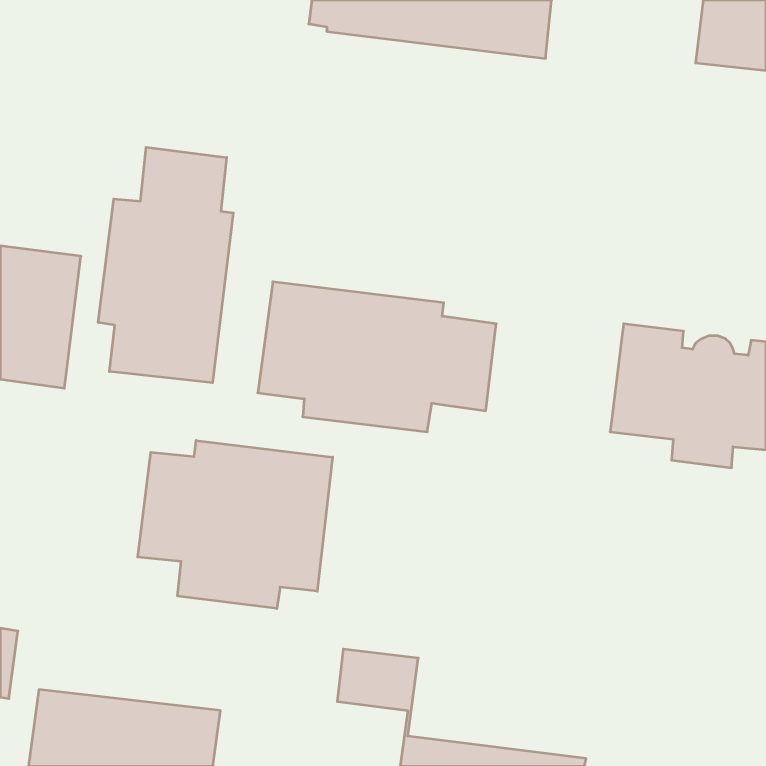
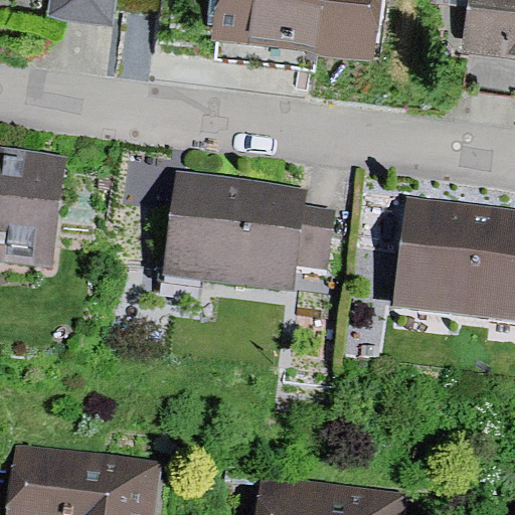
building: [98,147,233,383] -> none
building: [138,440,333,609] -> none

